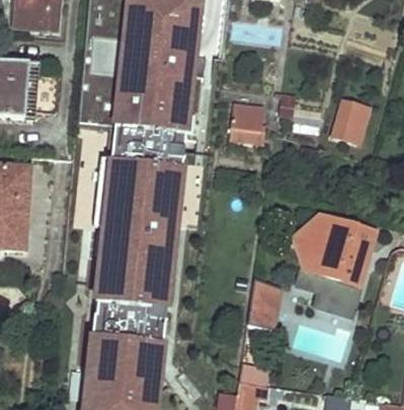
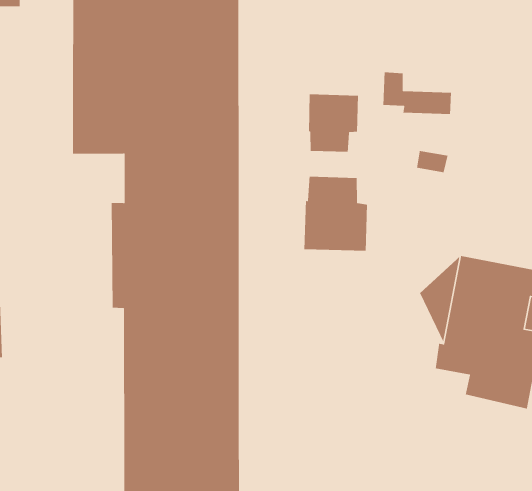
building: [333,101,368,142] -> none
building: none -> [304,176,368,252]
building: [247,279,282,330] -> none

